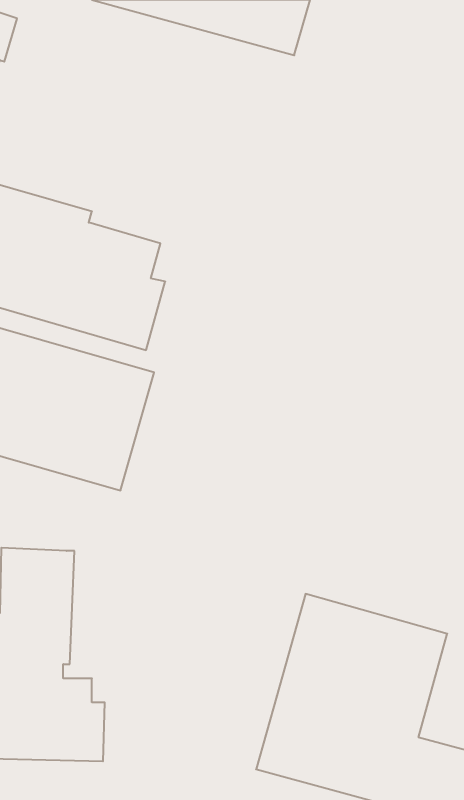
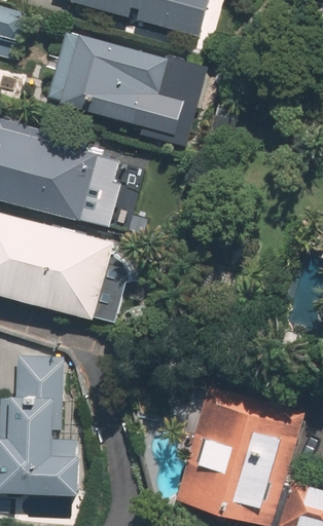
building: none -> [49,33,191,139]

